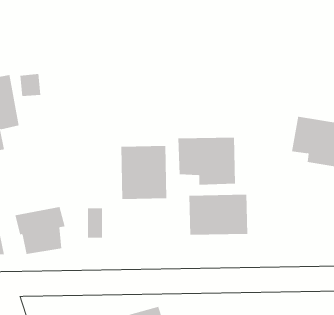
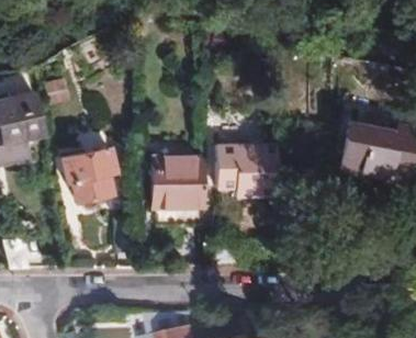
building: [189,194,248,236] -> none
building: [14,207,65,255] -> [57,149,111,200]

